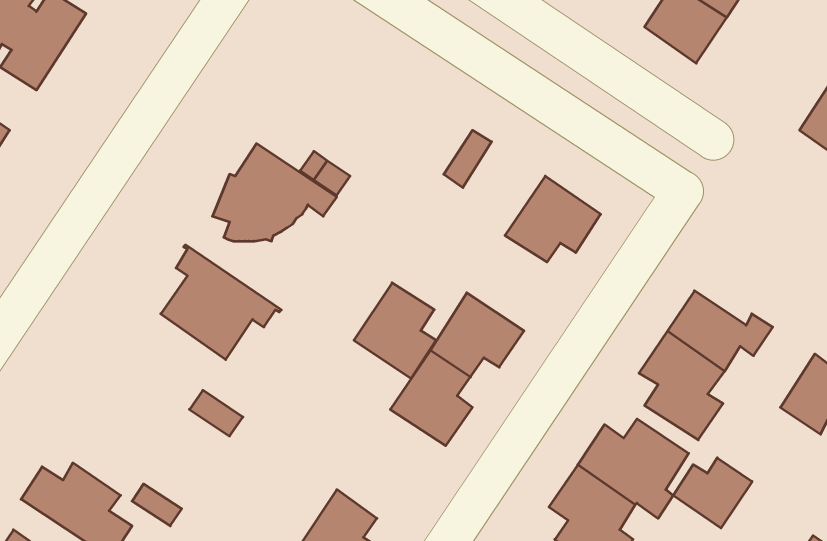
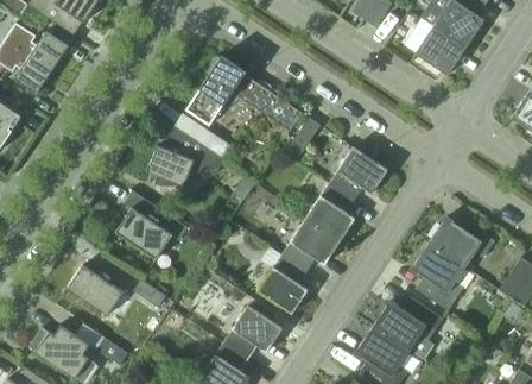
building: none -> [185,56,302,131]
building: [354,283,436,378] -> [304,183,355,243]
building: none -> [66,263,122,316]
building: none -> [223,306,281,359]
building: [673,458,752,528] -> none

